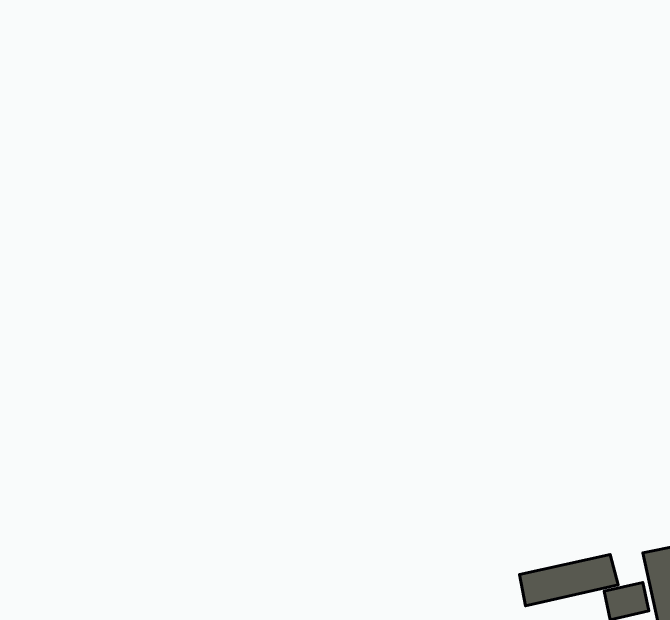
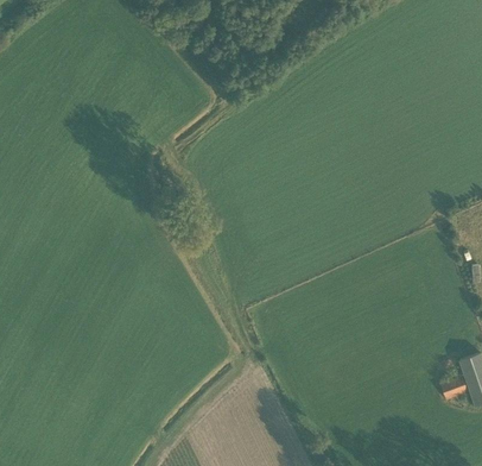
building: [520,554,618,606] -> none

